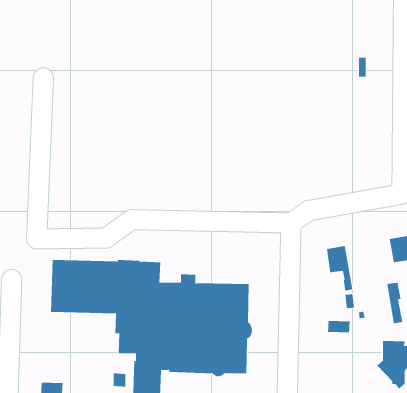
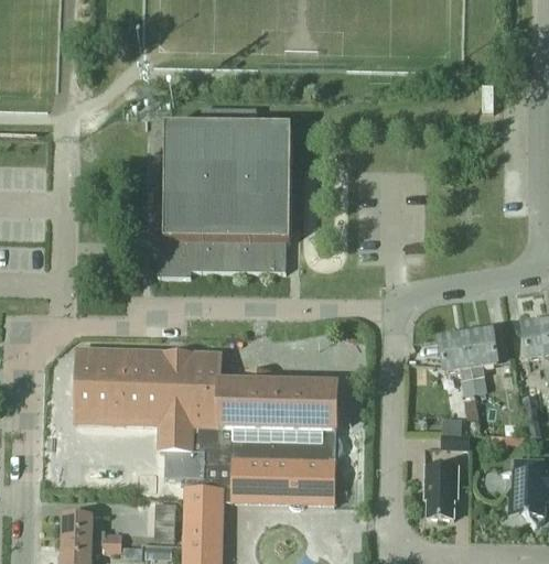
building: none -> [152,107,291,275]
building: none -> [464,328,496,391]
building: none -> [423,463,456,517]

